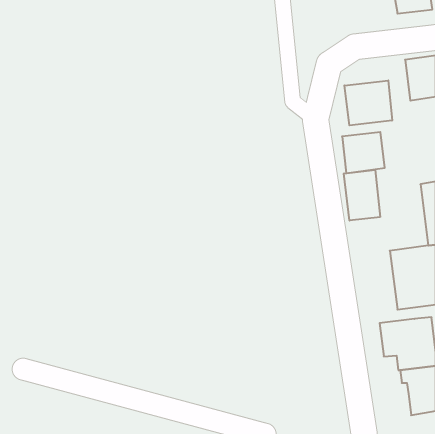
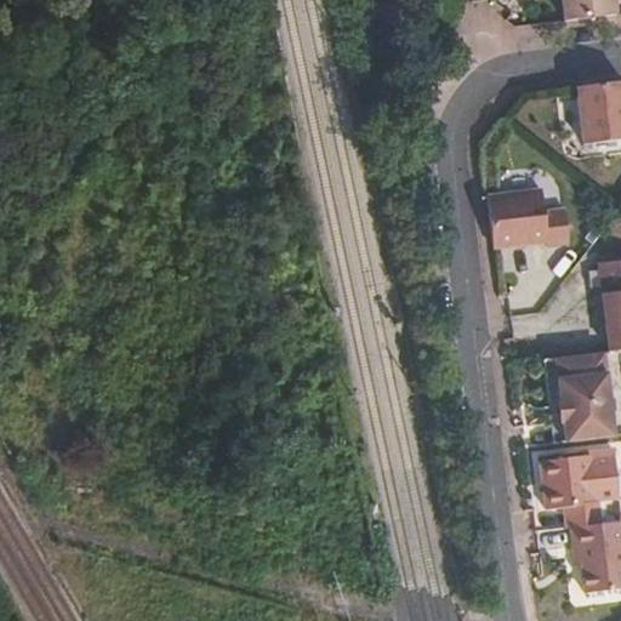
building: [344,80,392,125] -> none
building: [344,170,380,221] -> none

